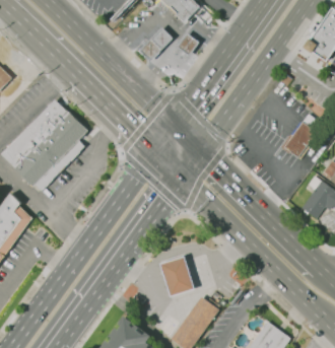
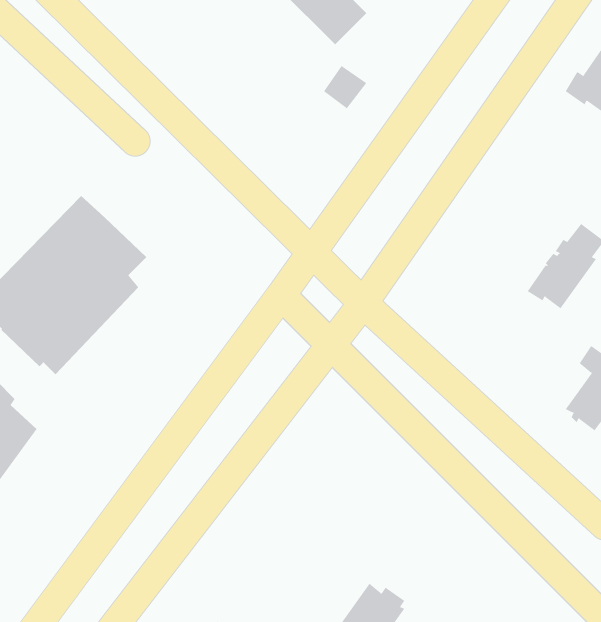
building: [139,27,173,61] -> none
building: [161,257,194,296] -> none

